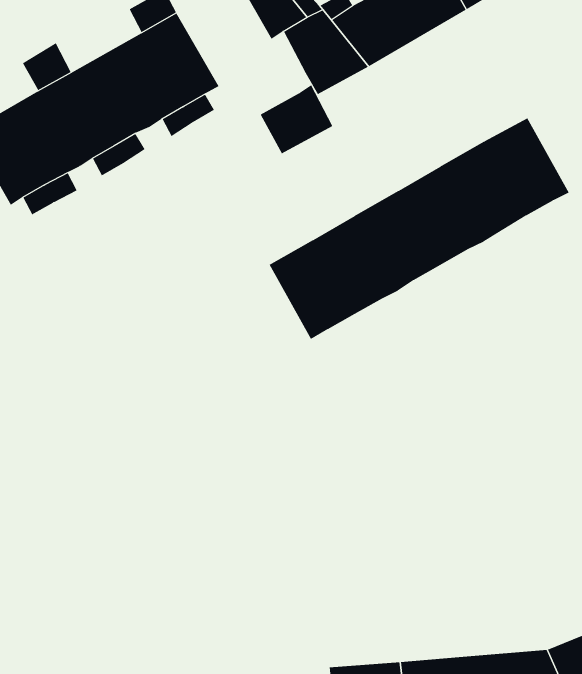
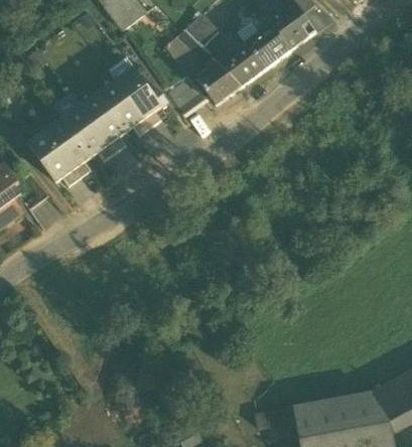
building: [260,85,333,154] -> [167,72,208,112]
building: [269,118,569,340] -> none

